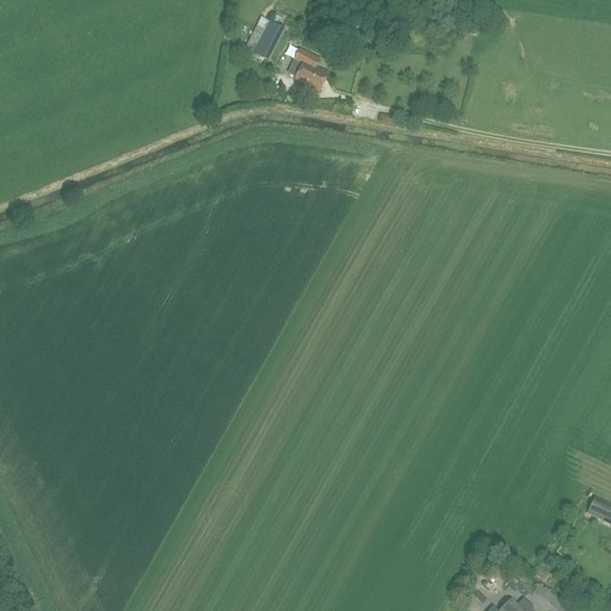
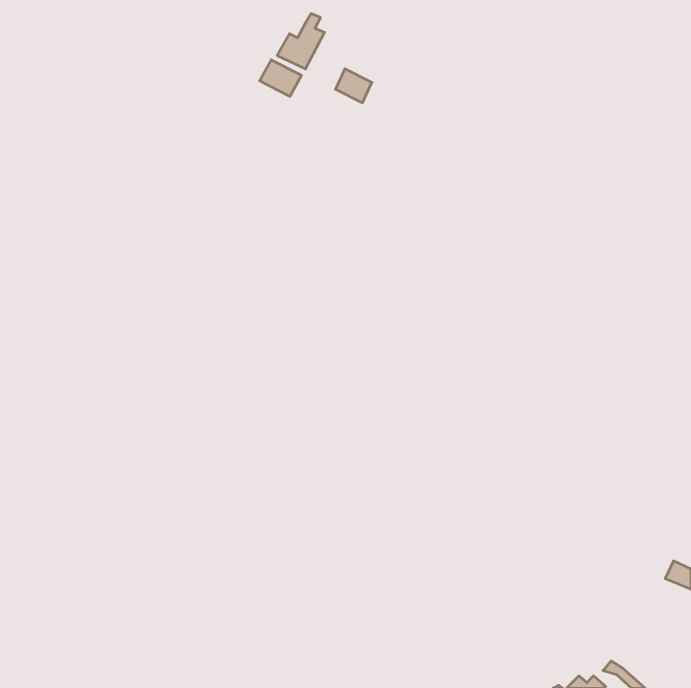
building: none -> [260,60,301,96]

